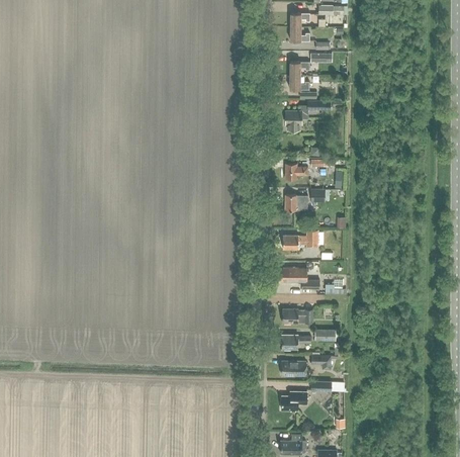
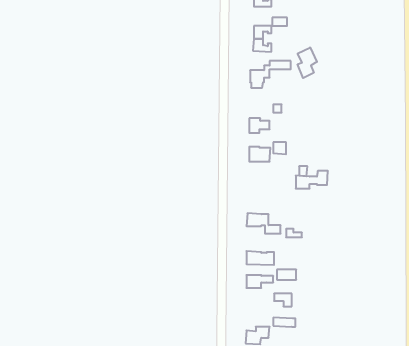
building: none -> [298,47,317,78]
building: [282,230,317,249] -> [296,171,328,189]
building: [280,361,305,375] -> none

